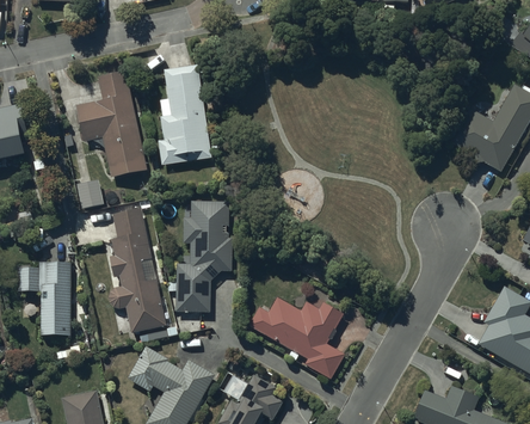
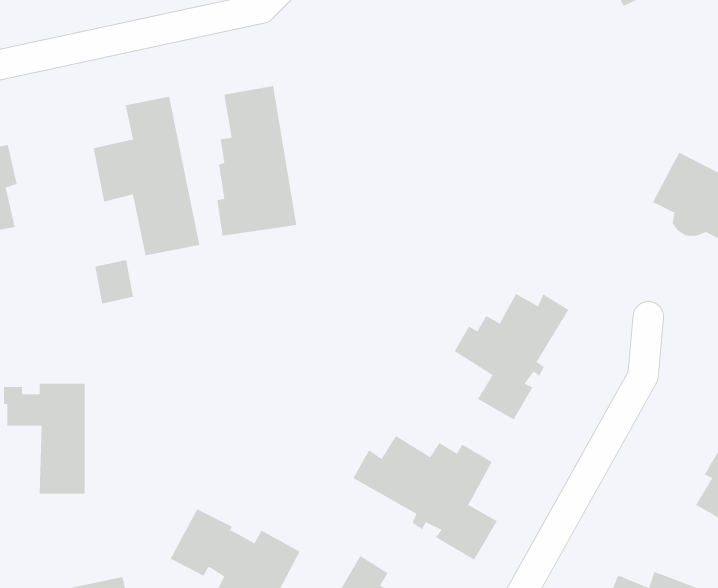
building: [168,201,230,311] -> none
building: none -> [454,293,569,420]
building: [107,208,165,332] -> none

